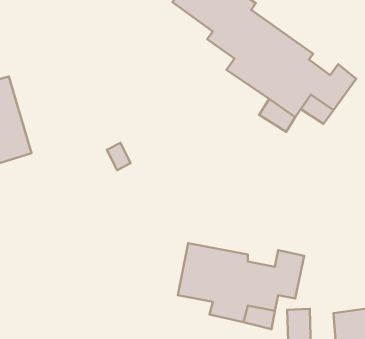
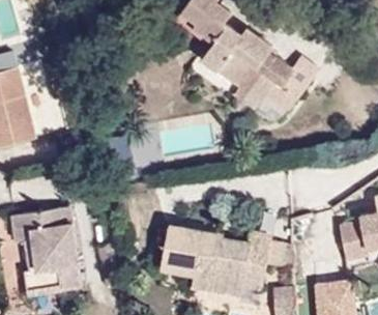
building: none -> [12,209,85,307]

